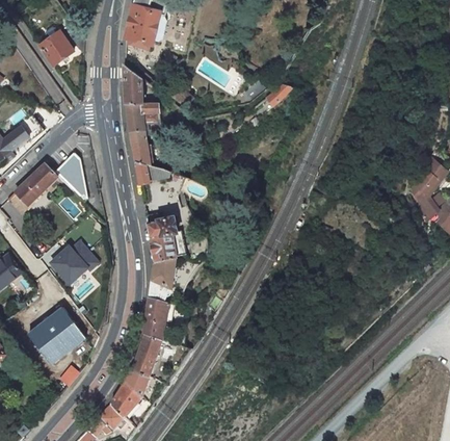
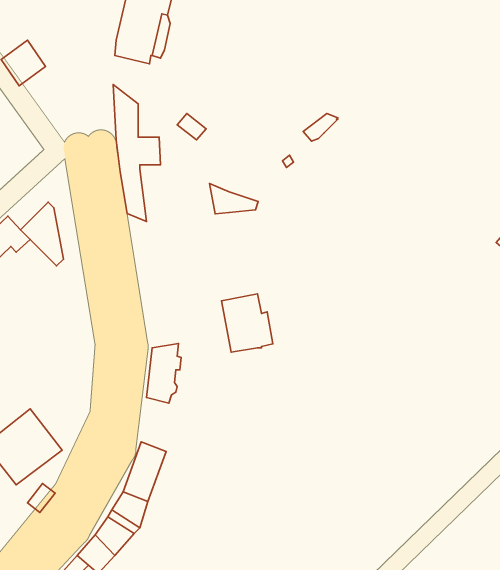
building: [134,160,170,183] -> [210,183,258,214]
building: [145,217,184,261] -> [221,294,273,352]
building: [50,236,102,288] -> none
building: [144,299,175,338] -> none

